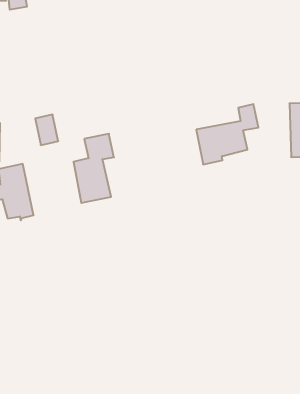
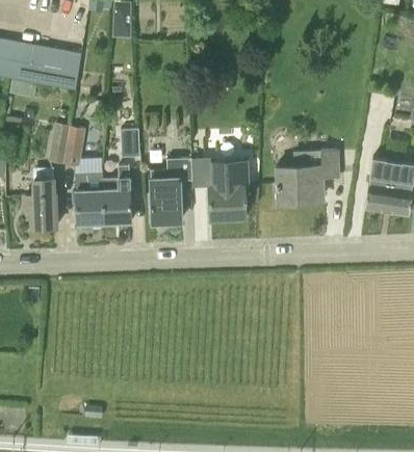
building: none -> [209,156,251,218]
building: none -> [101,165,135,225]

